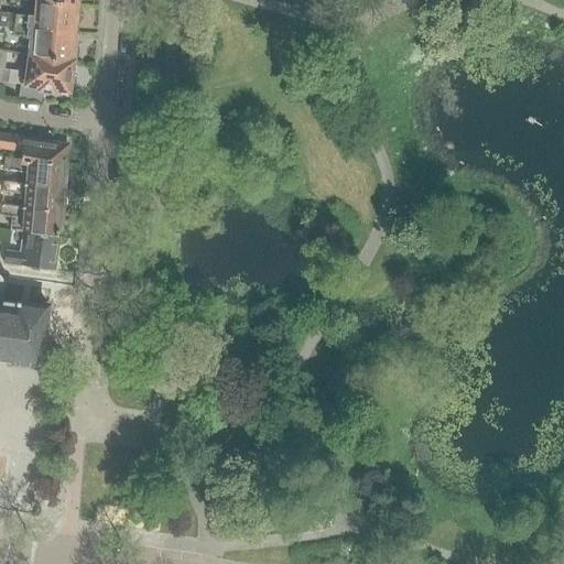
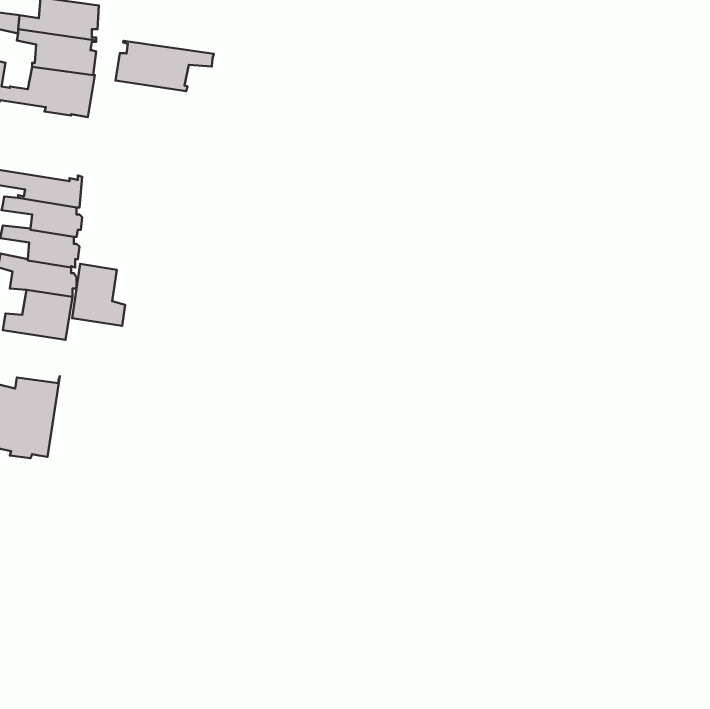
building: none -> [115,41,214,91]
building: none -> [72,264,125,326]

